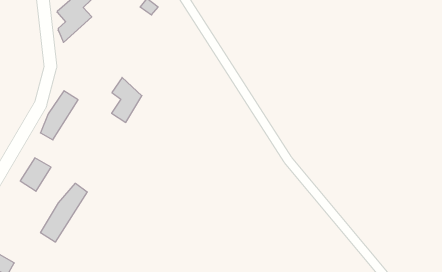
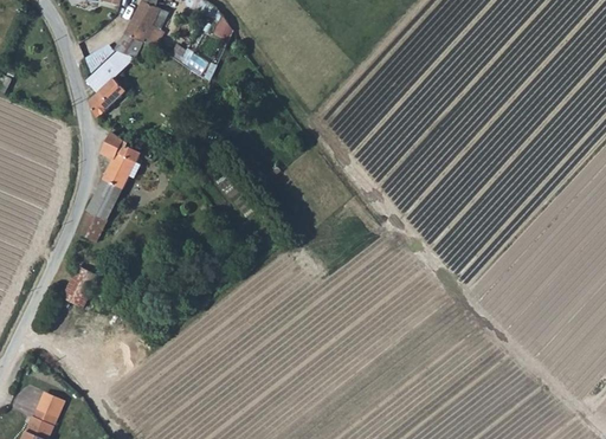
building: [112,77,142,122] -> [101,133,138,188]
building: [41,183,87,242] -> none

